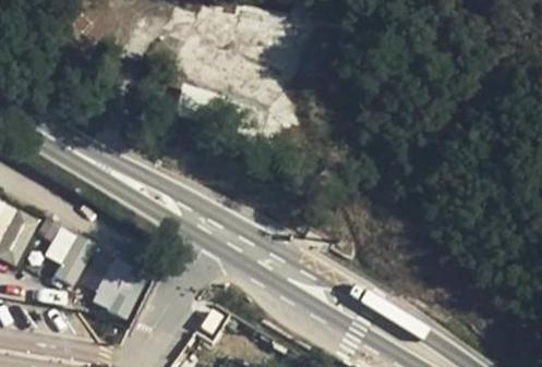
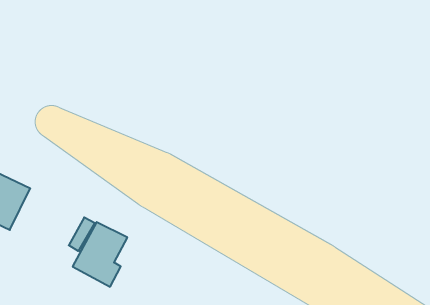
building: [46,227,93,286] -> none

